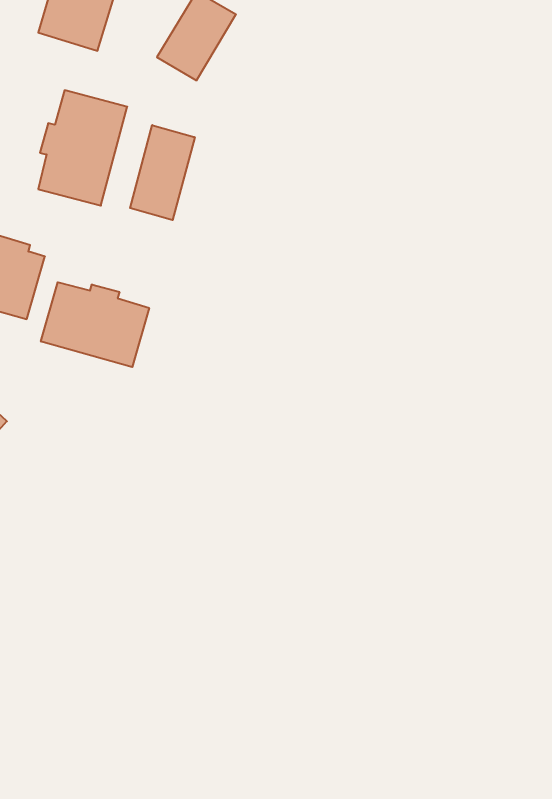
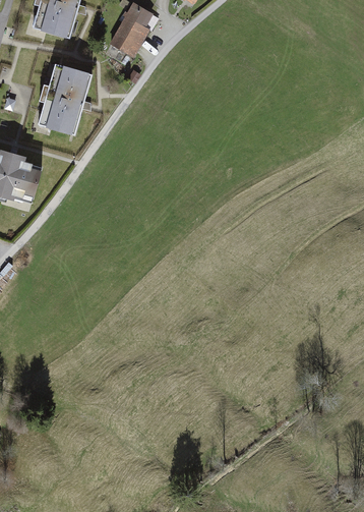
building: [130,125,195,220] -> none
building: [41,282,149,367] -> none

